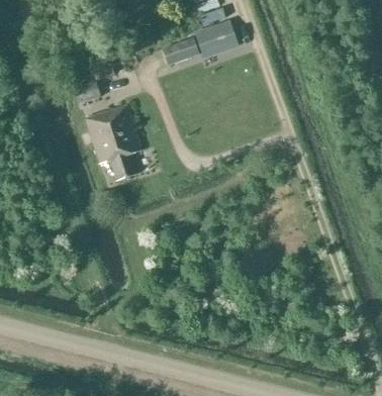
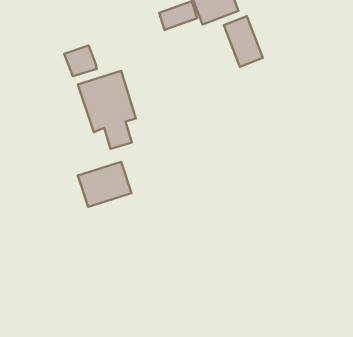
building: none -> [224,16,263,67]
building: none -> [78,162,131,207]

